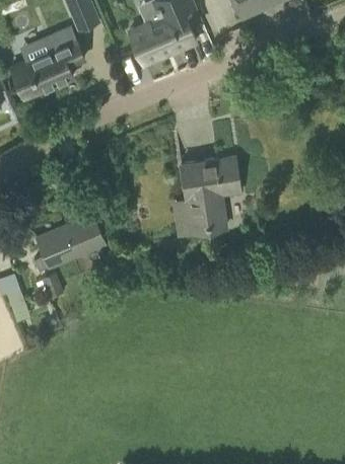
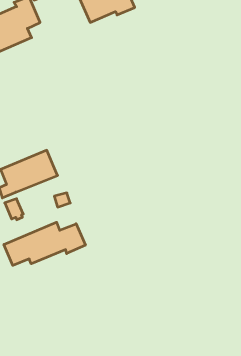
building: [172,157,239,235] -> none
building: none -> [4,222,85,265]

